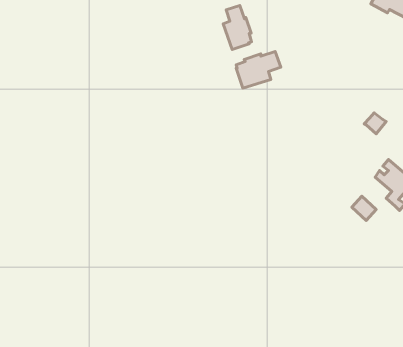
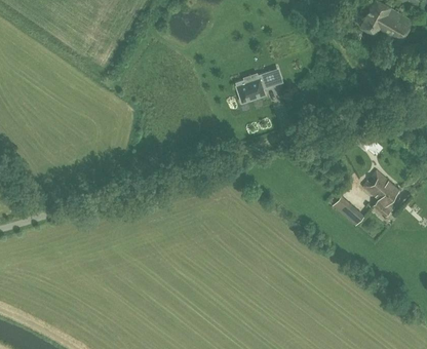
building: [223,6,252,49] -> none

